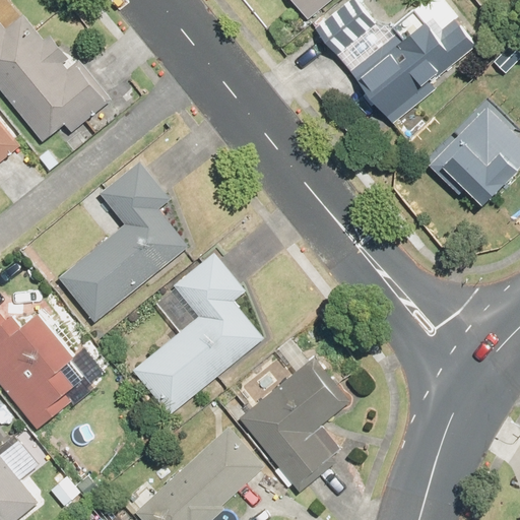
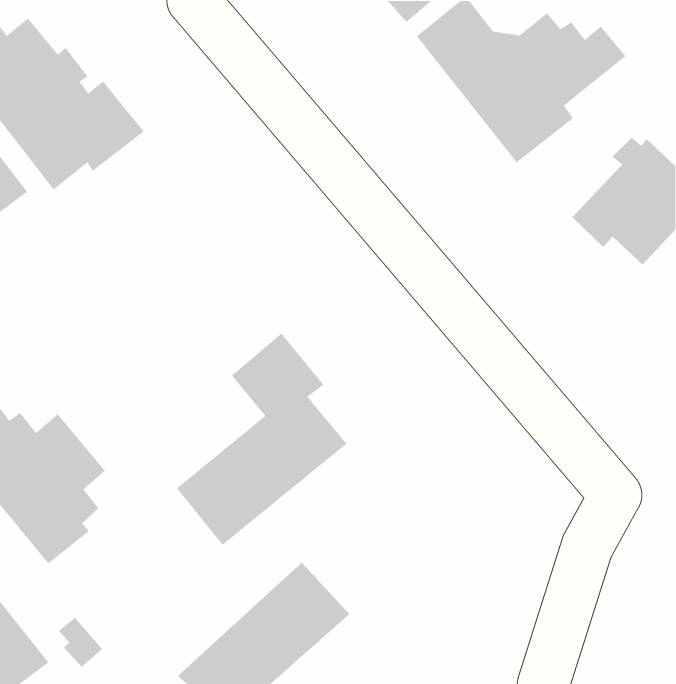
building: [59,161,188,322] -> none
building: [240,359,350,492] -> none

